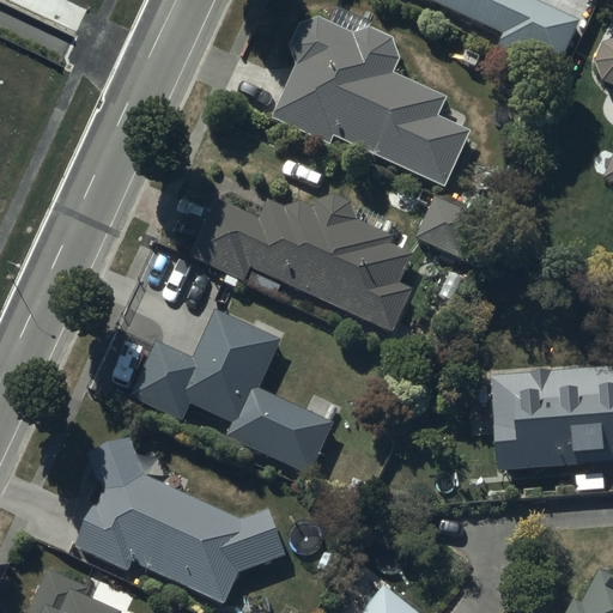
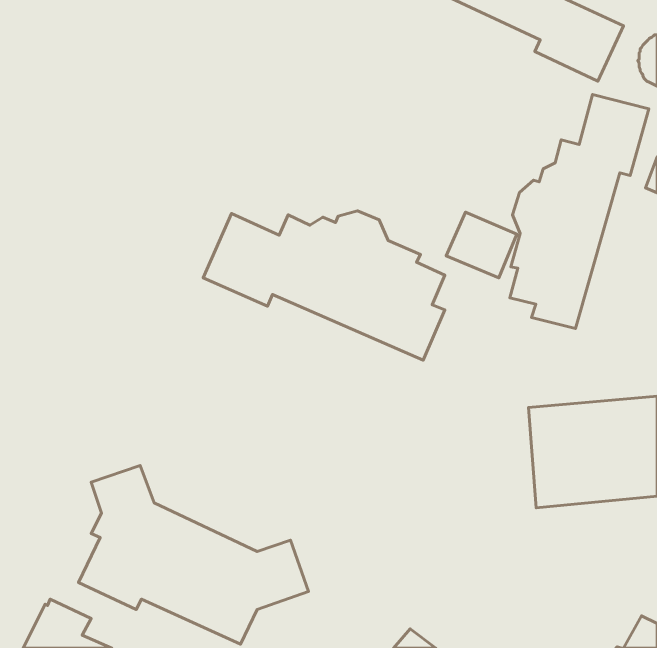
building: [273,19,473,188] -> none
building: none -> [510,95,649,329]
building: [131,302,339,469] -> none

